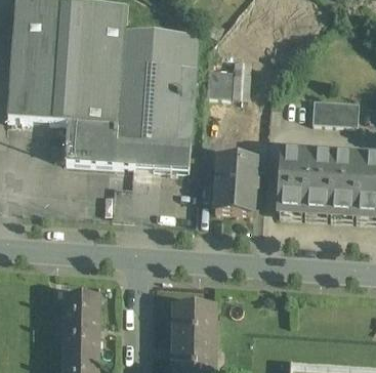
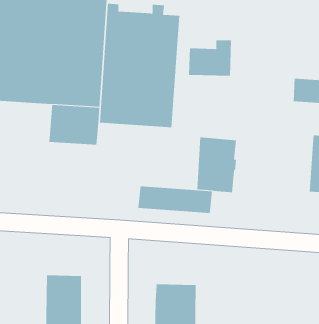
building: [115,142,191,170] -> [138,186,213,213]
building: [277,152,333,212] -> none

